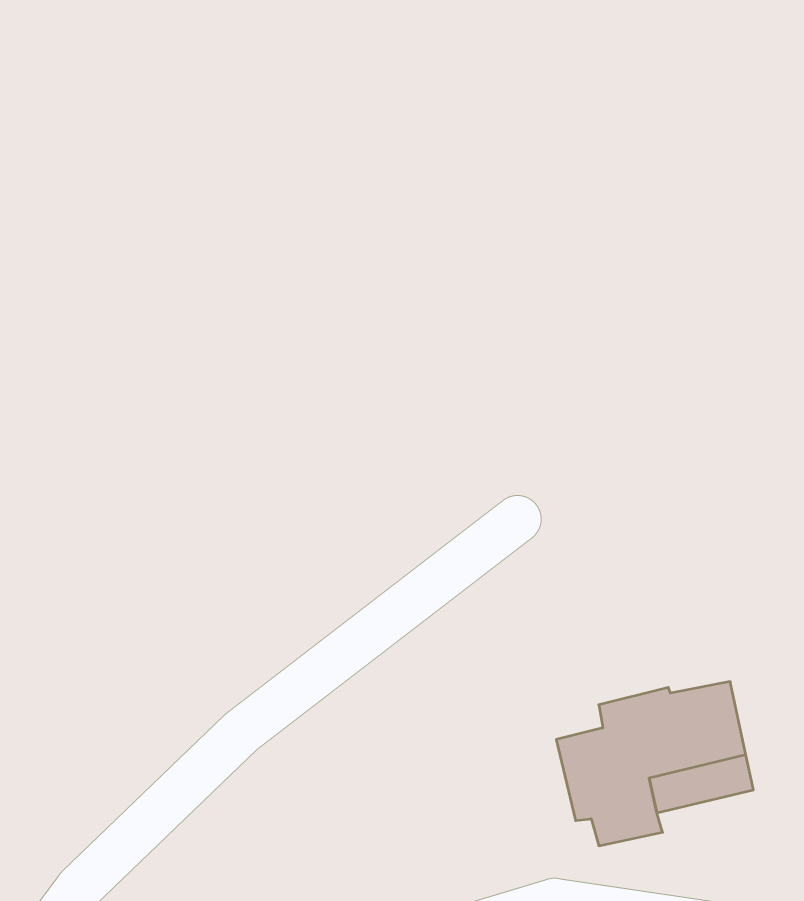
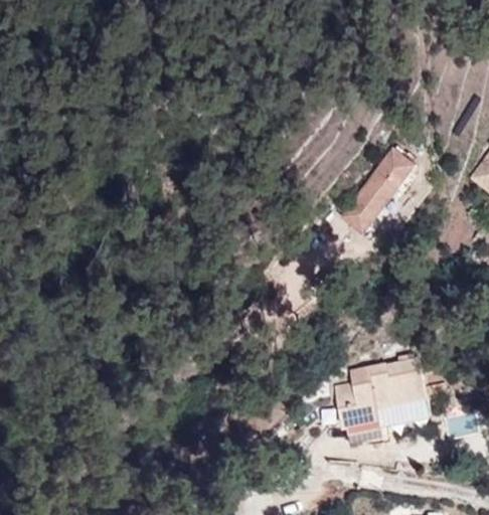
building: none -> [343,138,421,227]

